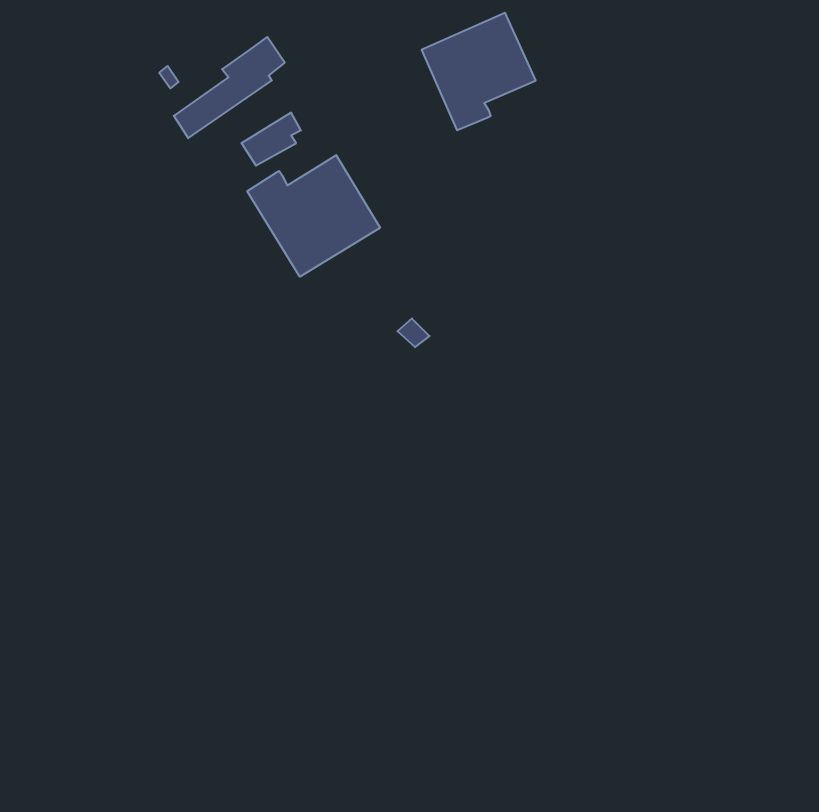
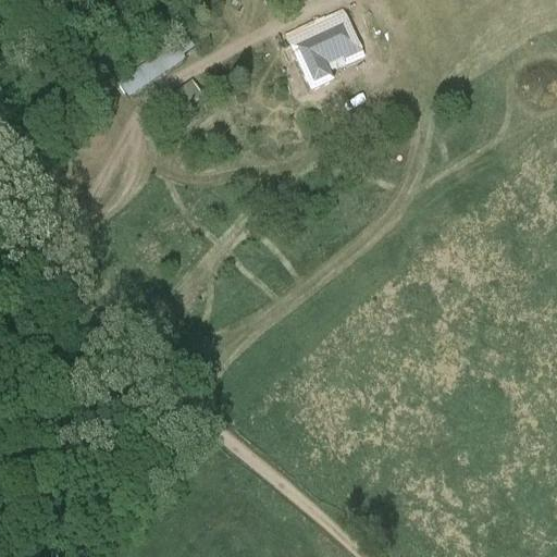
building: [247,155,380,277] -> none

